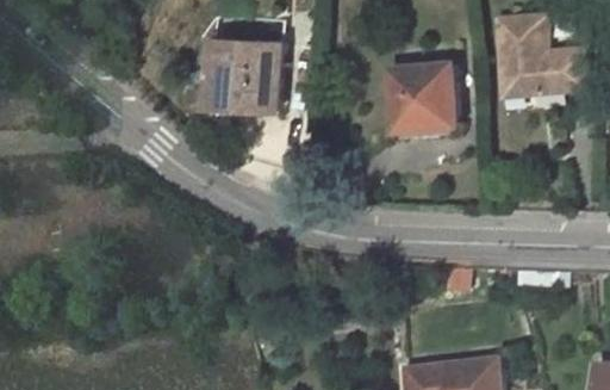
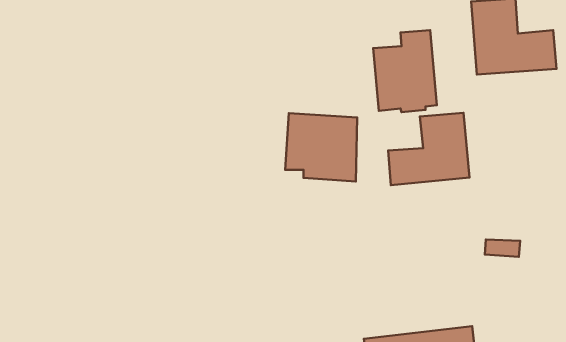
building: [207,41,282,112] -> [285,113,357,181]
building: none -> [388,113,469,185]

